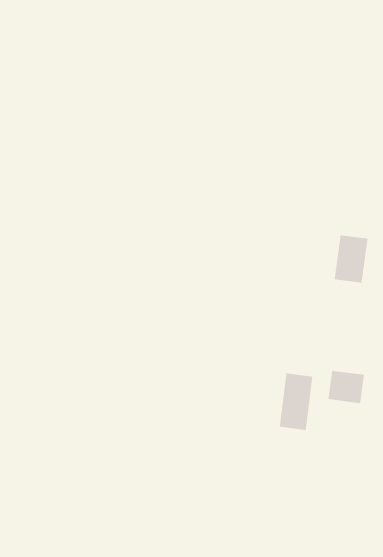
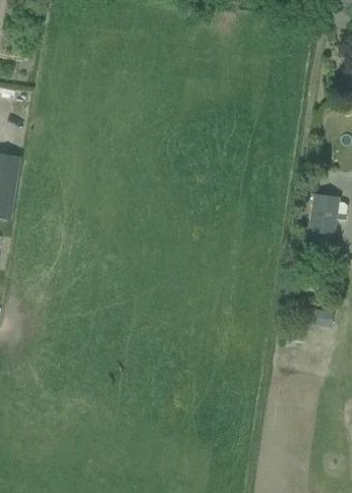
building: [279,372,313,431] -> none

